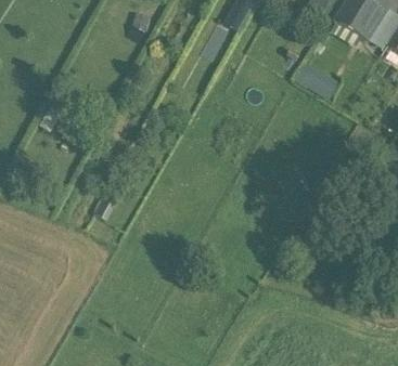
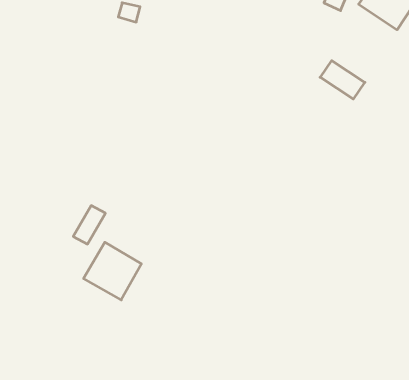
building: none -> [84,242,141,300]

